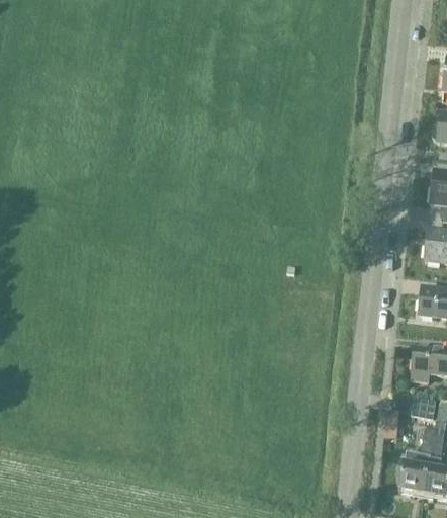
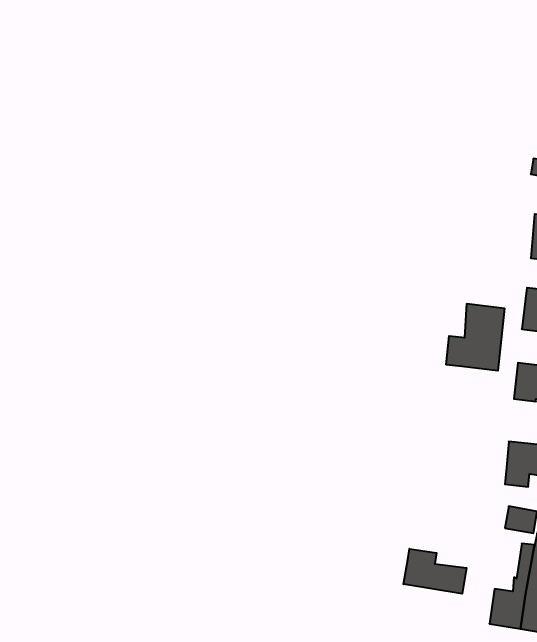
building: none -> [446,304,504,371]
building: none -> [403,549,467,594]

